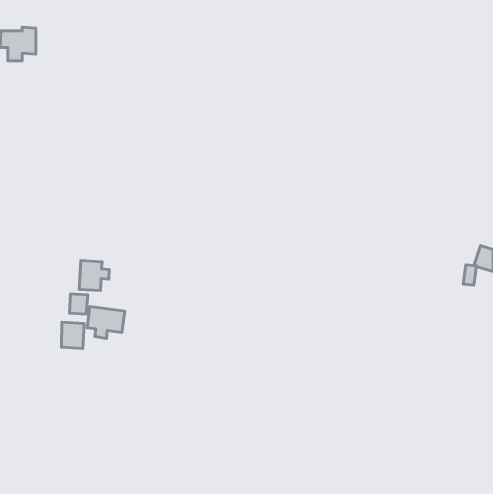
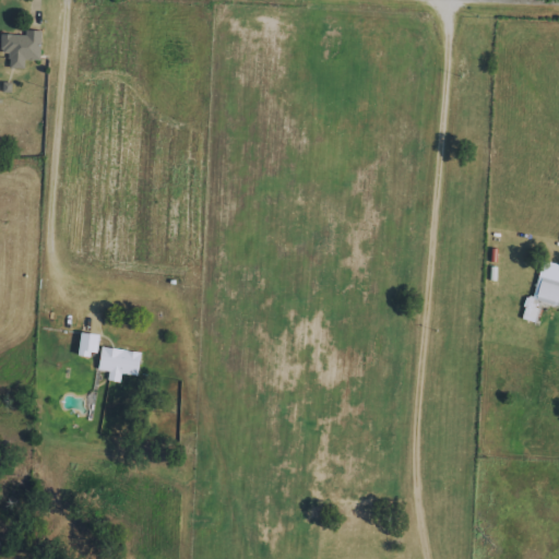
building: [79,260,109,291] -> none
building: [62,322,84,348] -> none

